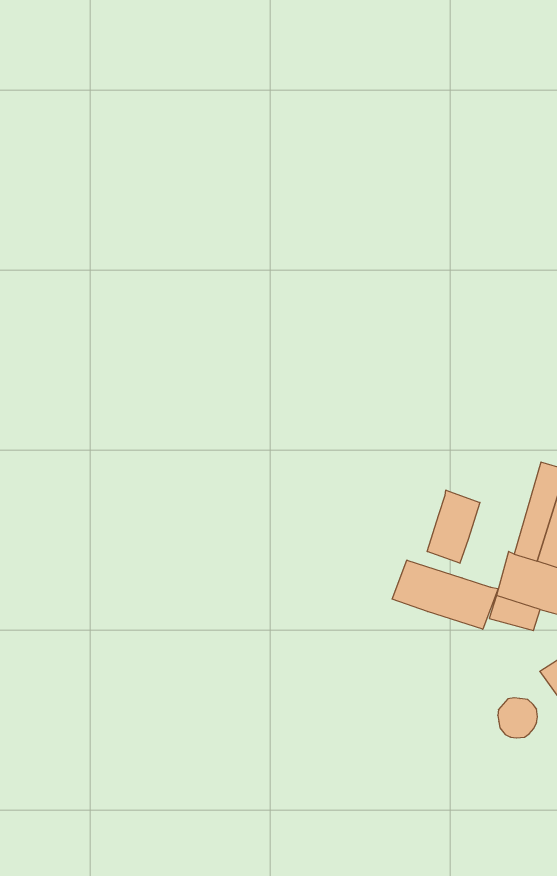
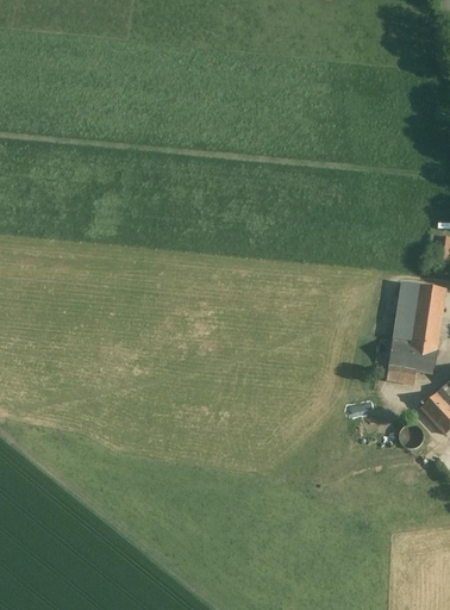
building: [427,490,480,563] -> none
building: [392,560,498,629] -> none

